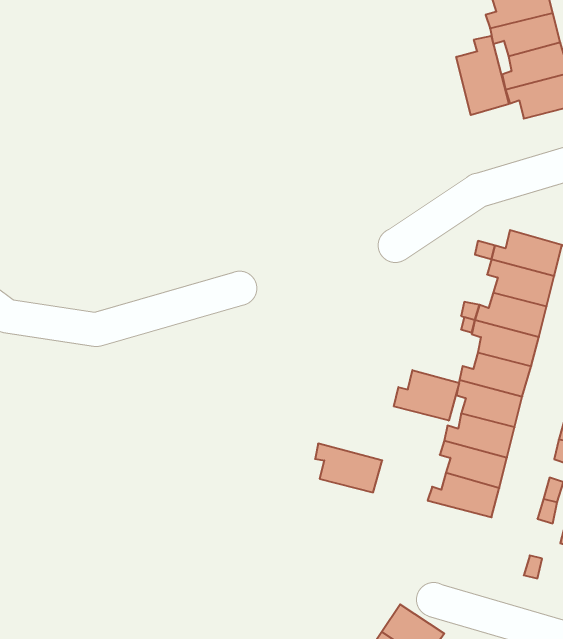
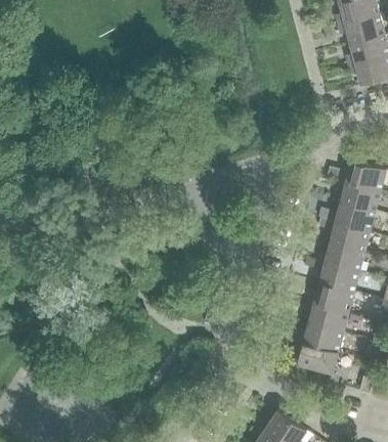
building: [456,36,509,115] -> none
building: [394,370,459,421] -> none
building: [315,444,382,492] -> [294,340,339,372]

